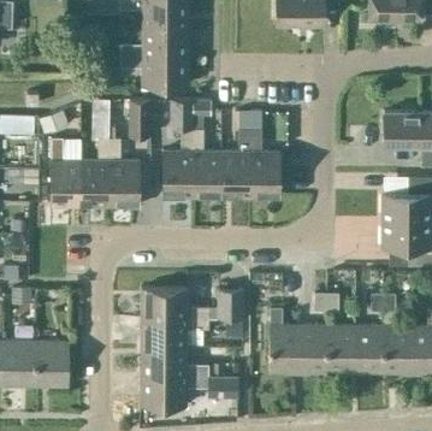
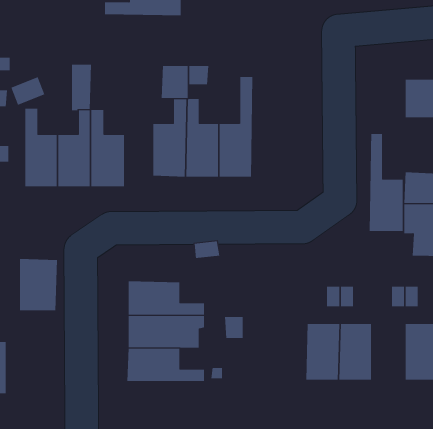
building: [119,55,188,85] -> none
building: [130,99,150,136] -> none
building: [249,110,279,197] -> [369,131,403,231]
building: [218,289,243,318] -> none
building: [268,307,297,374] -> none
building: [354,325,383,374] -> none
building: [35,341,69,386] -> [19,258,58,311]
building: [140,376,237,406] -> none

